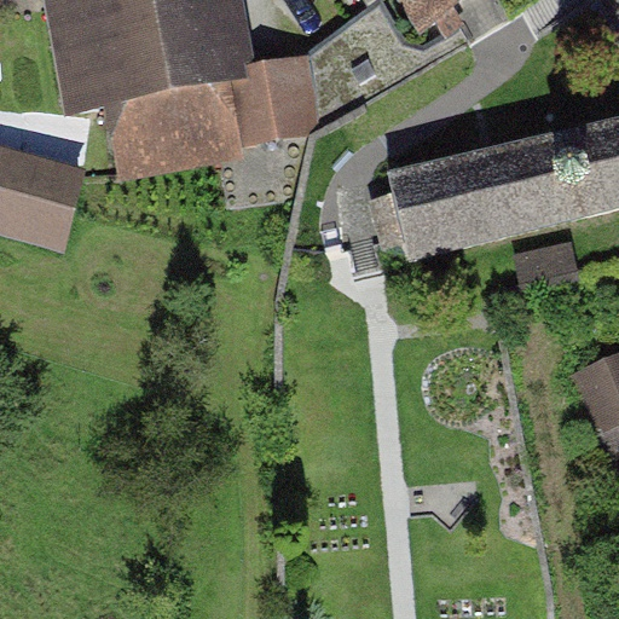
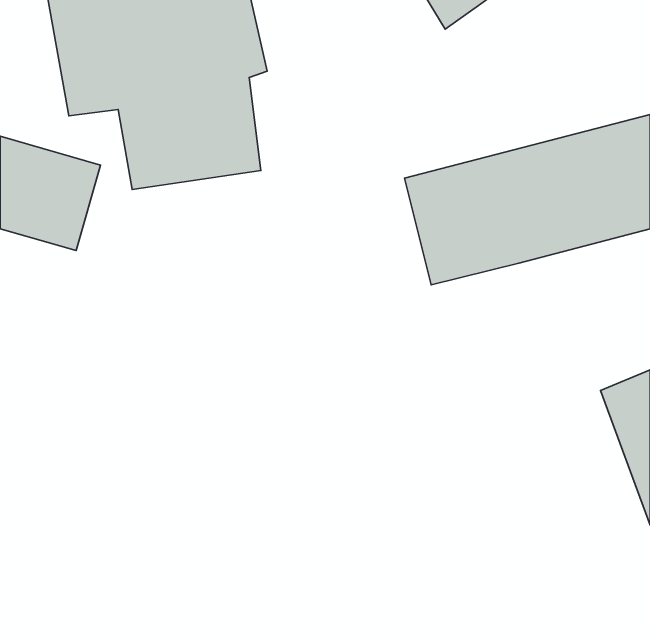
building: [247,62,326,141] -> none

